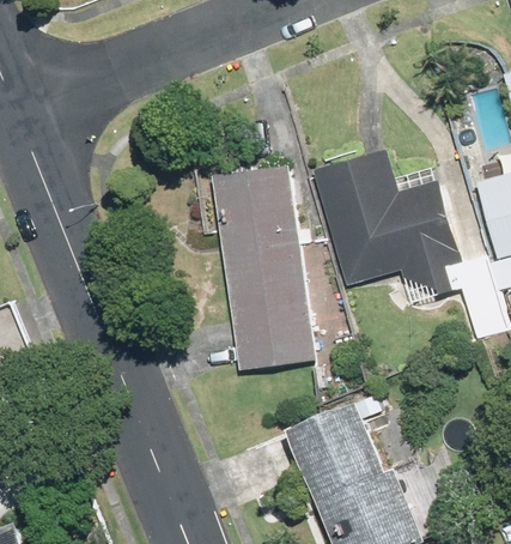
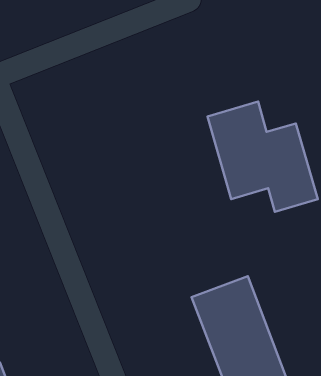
building: [213,163,315,371] -> none

